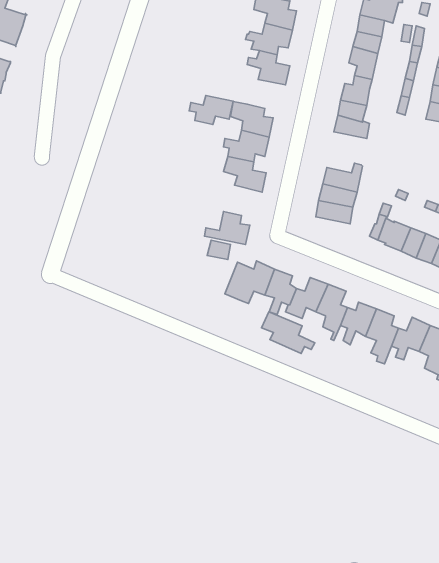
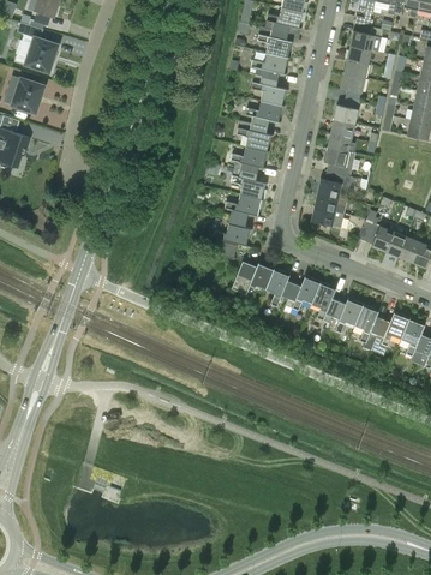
building: [189,96,233,125] -> [246,101,285,126]
building: none -> [324,146,355,175]
building: none -> [225,193,264,220]
building: [262,312,315,353] -> none

